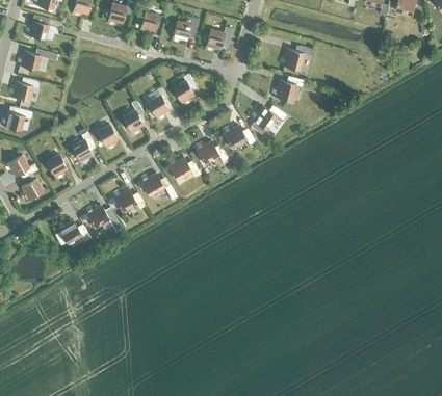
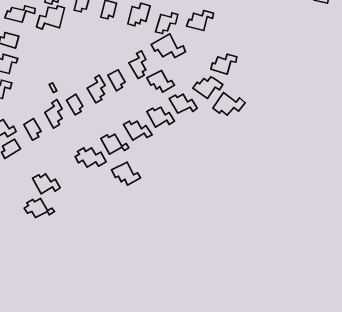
building: none -> [36,6,64,29]
building: [279,46,311,70] -> [187,11,213,31]
building: none -> [151,34,186,58]
building: none -> [147,70,175,92]
building: none -> [213,93,245,115]
building: [81,205,118,228] -> [24,198,54,218]
building: none -> [112,162,141,185]

